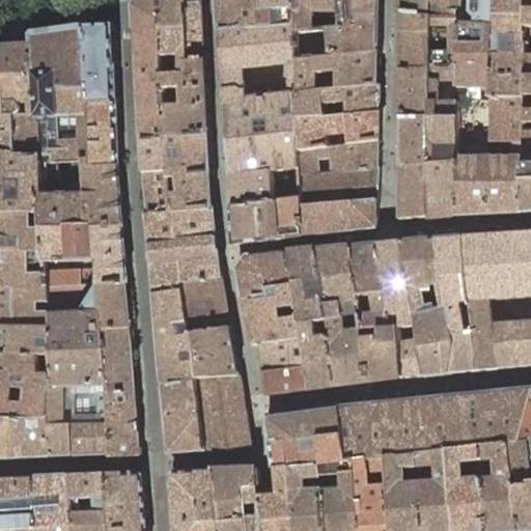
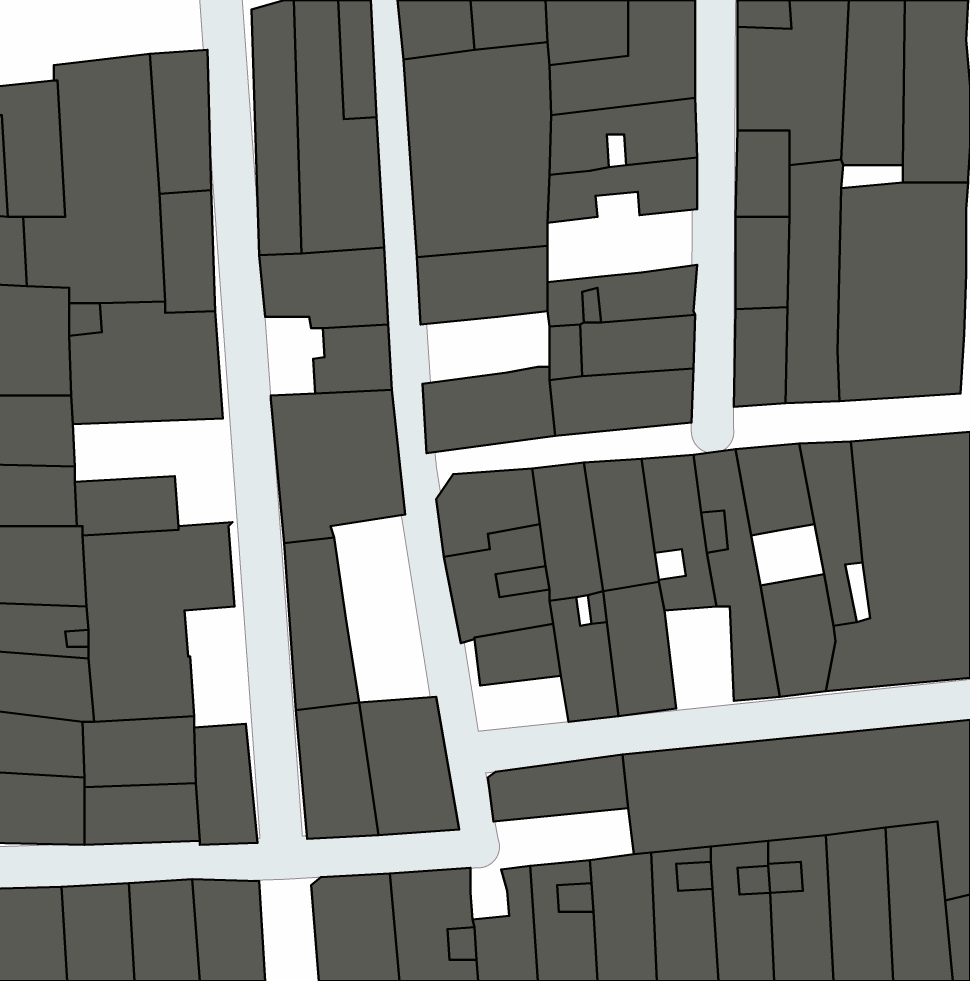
building: [296,113,376,152] -> none
building: [143,171,170,214] -> none
building: [227,171,274,207] -> none
building: [39,226,125,284] -> none
building: [178,278,235,380] -> none
building: [100,328,133,393] -> none
building: [359,328,396,383] -> none
building: [259,365,307,396] -> none
building: [267,437,342,470] -> none

